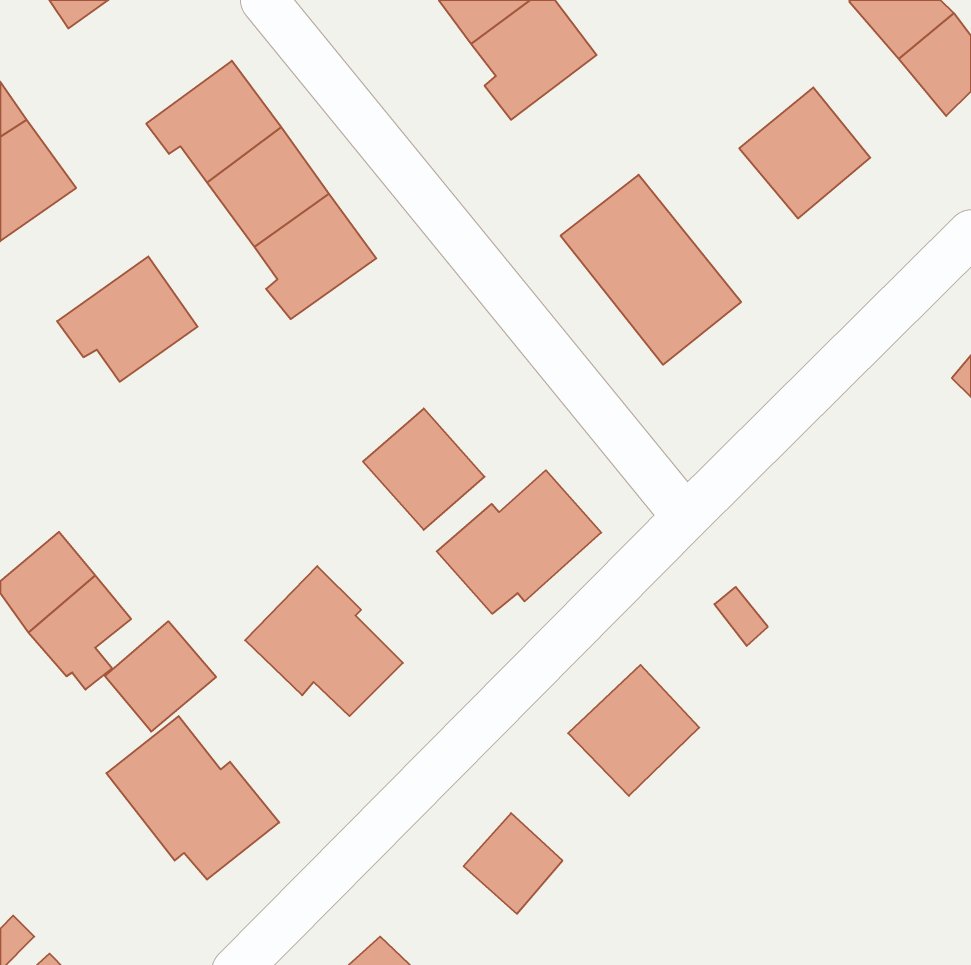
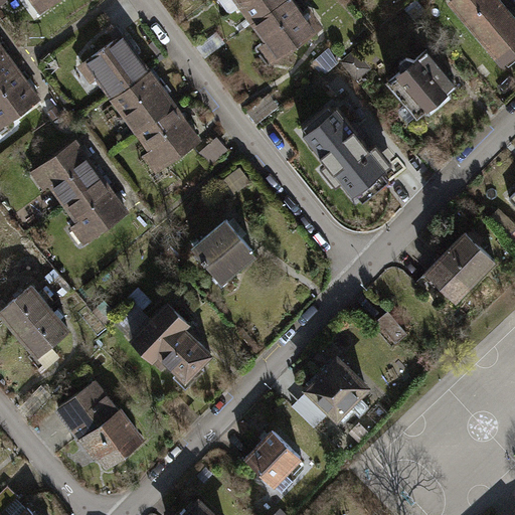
building: none -> [63,176,131,246]
building: none -> [423,232,497,306]
building: [437,470,601,614] -> none
building: [105,621,216,732] -> none

